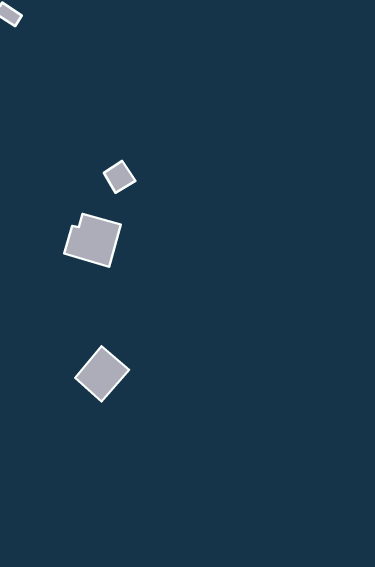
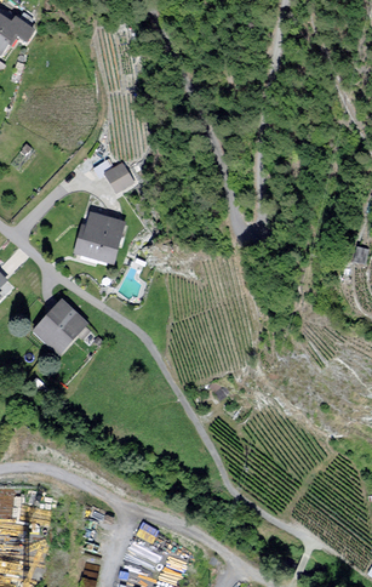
building: [75,346,129,402] -> [34,301,84,352]

